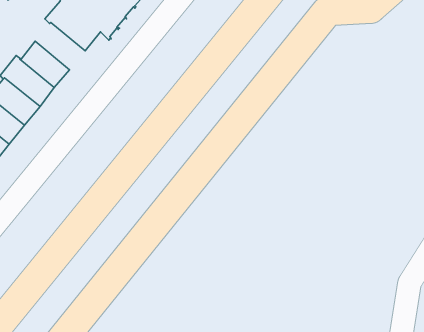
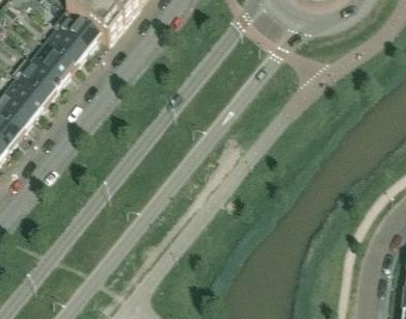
building: none -> [43,27,86,69]

